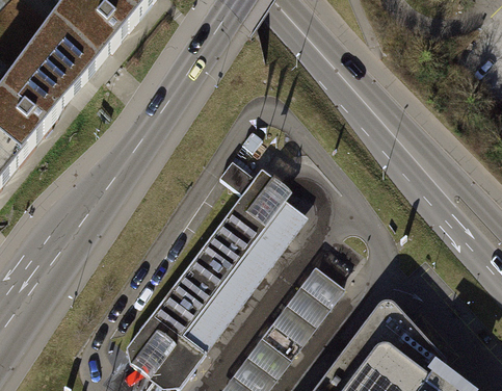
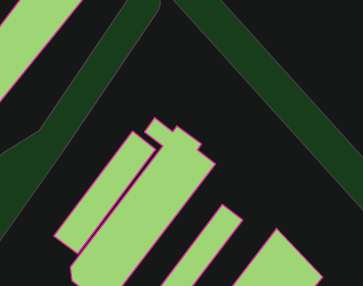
building: none -> [54,131,156,254]

